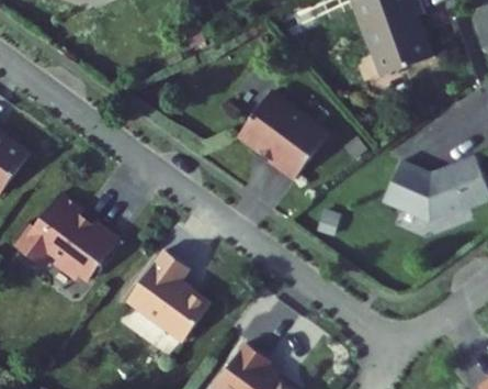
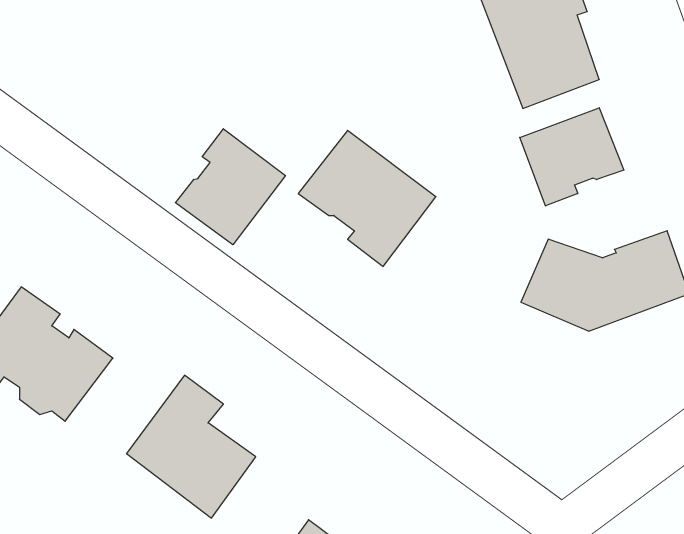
building: none -> [520,108,624,206]
building: none -> [175,129,285,245]

